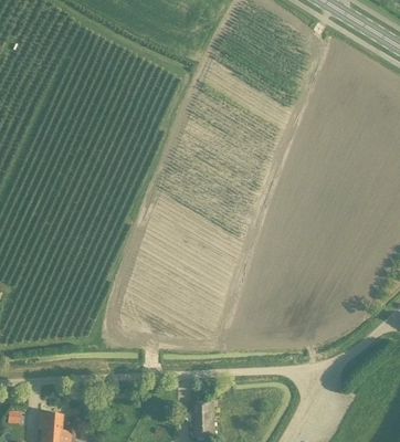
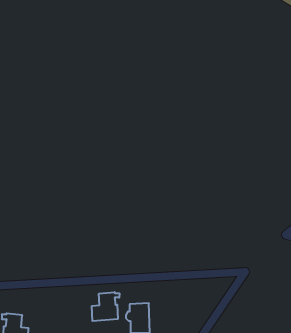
building: none -> [92,292,119,321]

